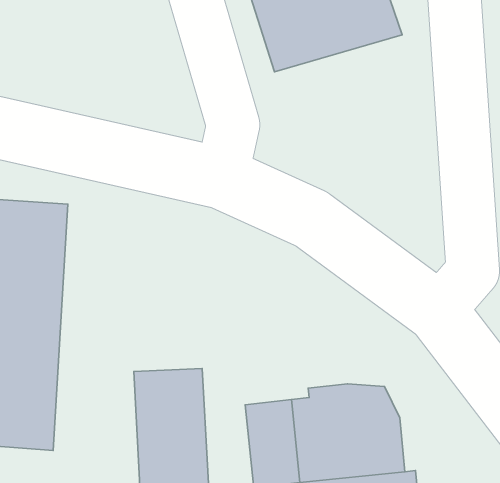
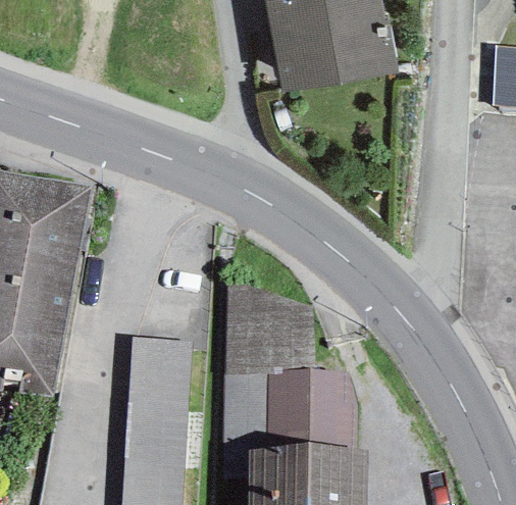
building: none -> [224,281,315,377]

